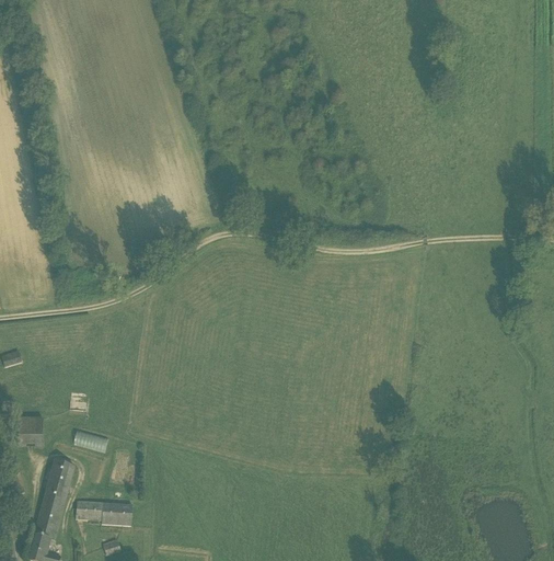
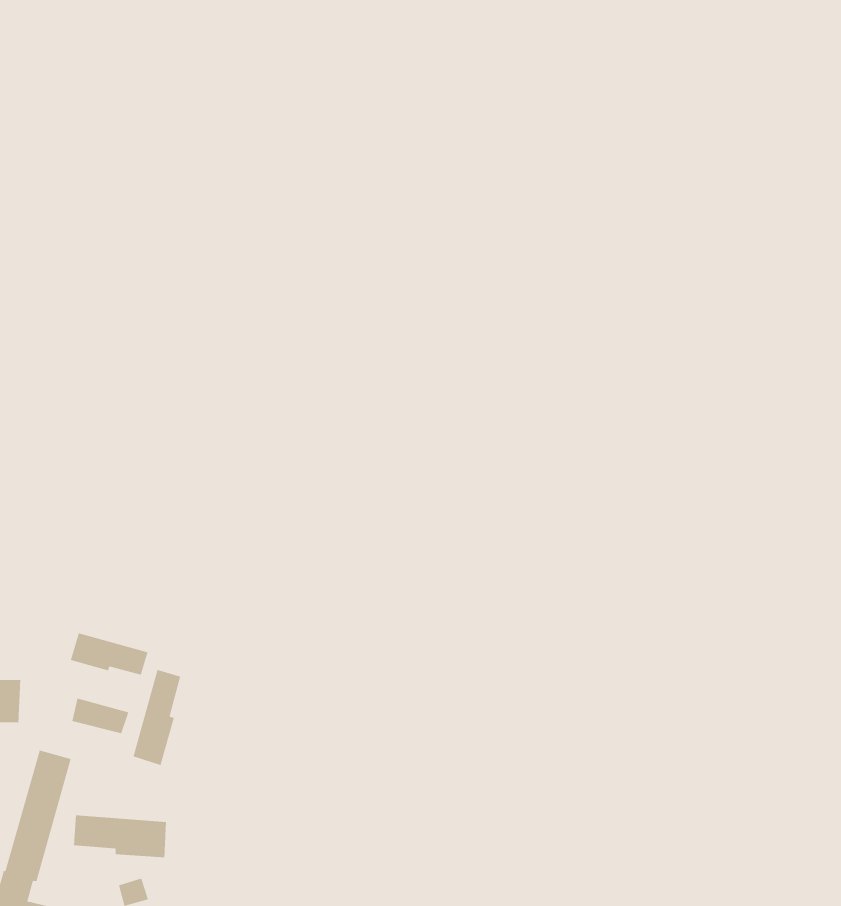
building: none -> [70,633,148,676]
building: none -> [133,669,181,766]

